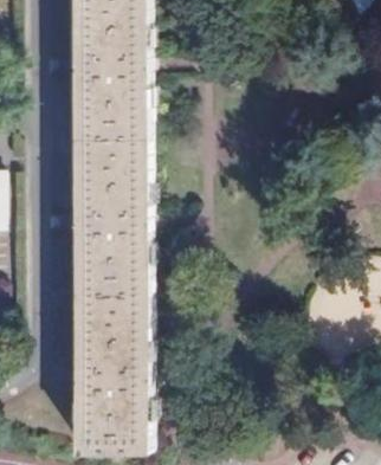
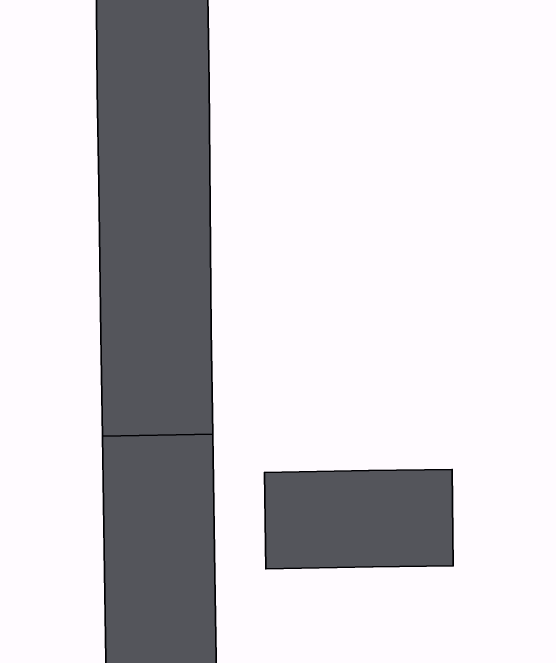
building: none -> [264,470,453,569]

